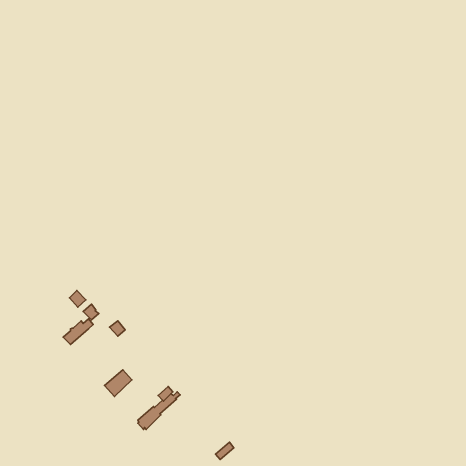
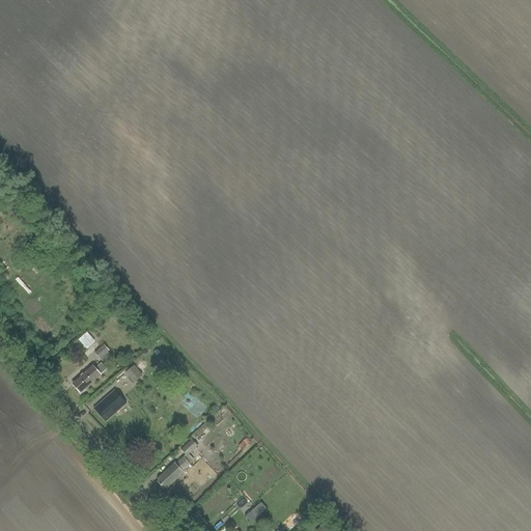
building: [105,370,132,396] -> [94,391,125,421]

